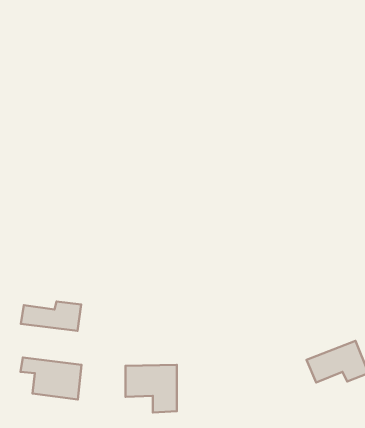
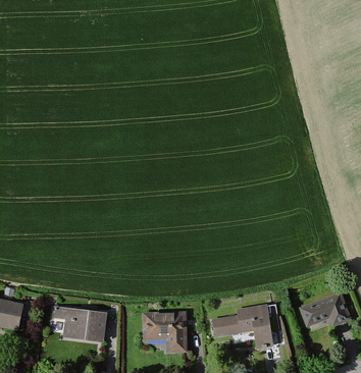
building: [21,301,81,331] -> none
building: none -> [213,305,272,348]

